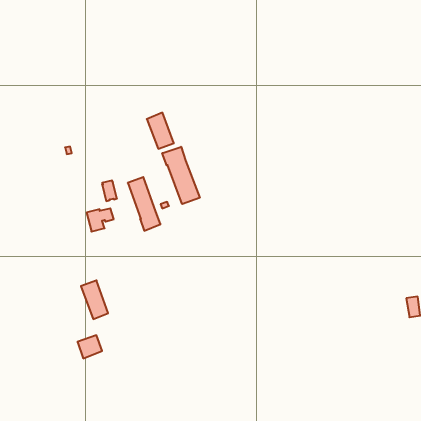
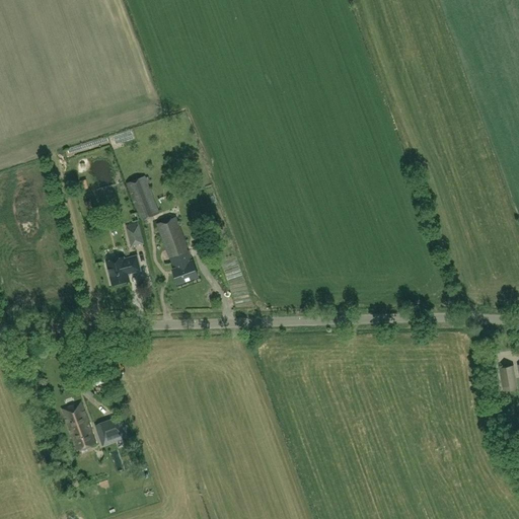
building: [147,113,174,149] -> [126,176,159,221]
building: [162,147,200,204] -> none
building: [81,280,108,319] -> [62,402,95,450]

